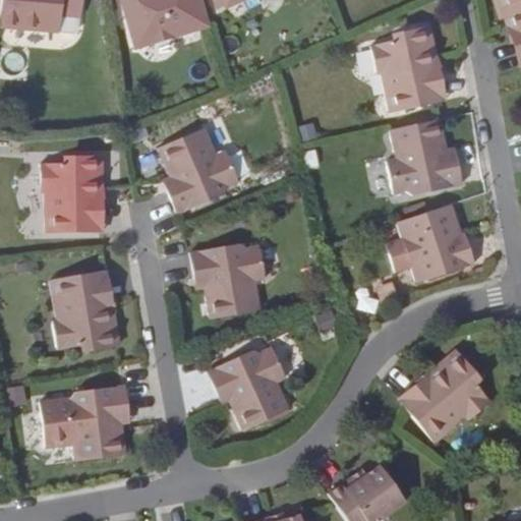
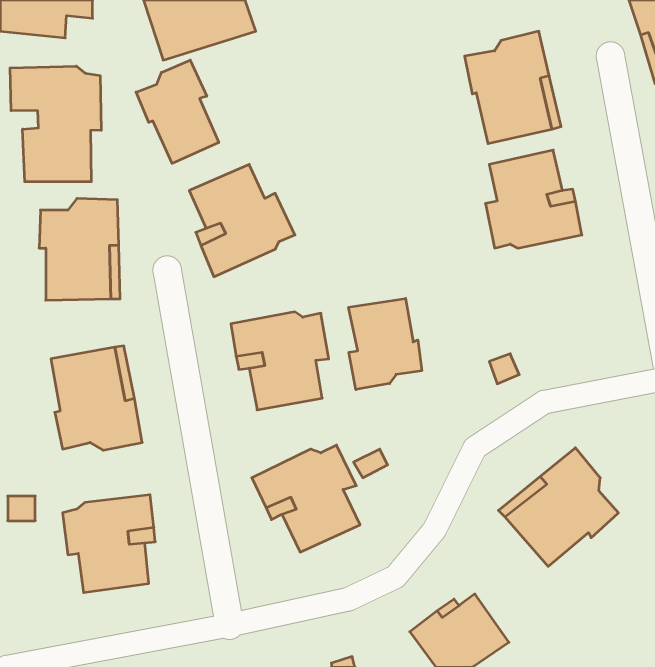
building: none -> [136,60,219,163]
building: none -> [10,66,101,182]
building: [398,204,476,281] -> none
building: none -> [349,298,422,390]

